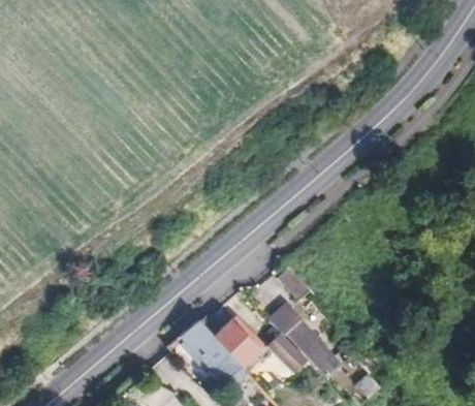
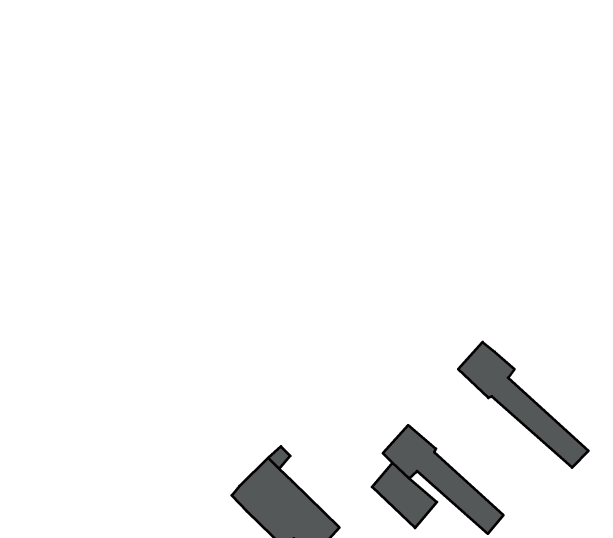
building: none -> [458,342,588,468]
building: [215,317,260,365] -> none

